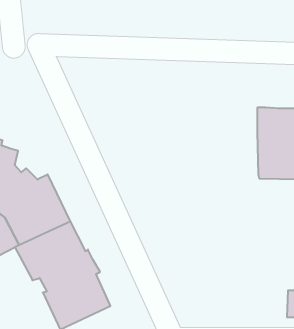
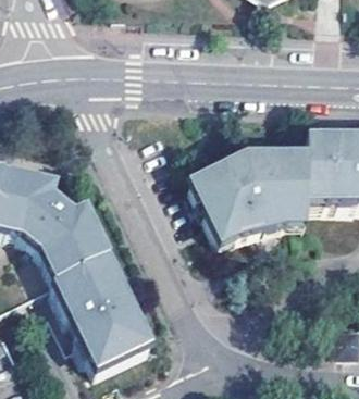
building: none -> [185,147,307,245]

